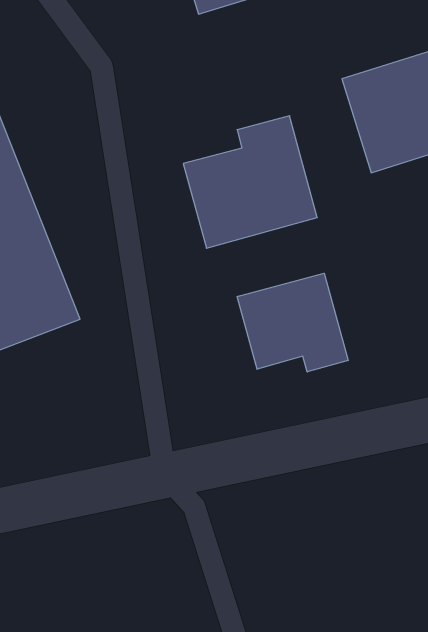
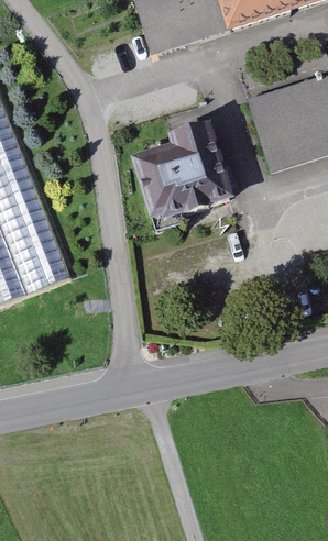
building: [237,273,348,372] -> none

